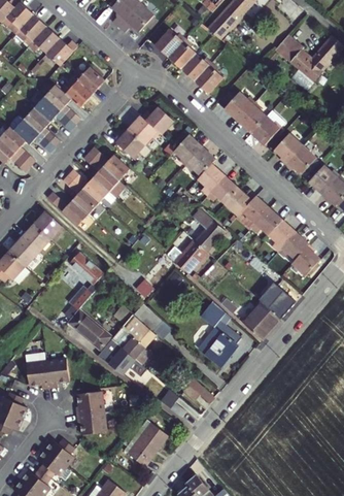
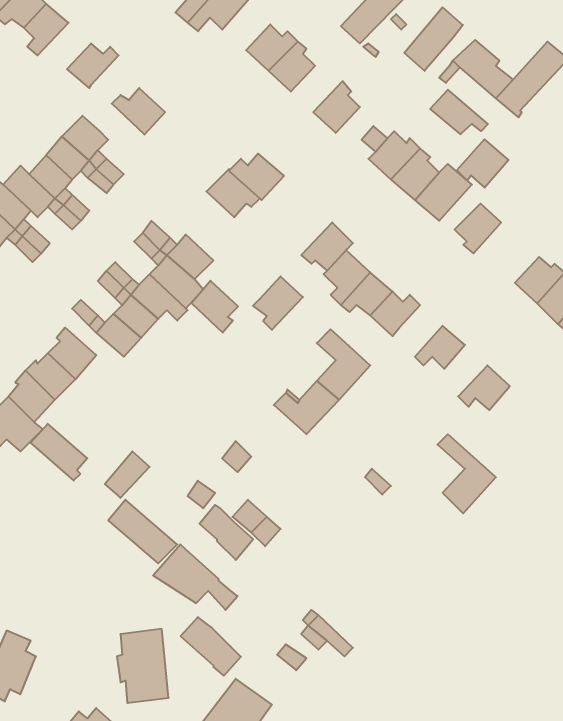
building: none -> [404,7,463,71]
building: [27,27,59,55] -> none
building: [178,53,209,80] -> none
building: none -> [430,90,488,134]
building: [64,75,91,106] -> none
building: [116,128,144,159] -> [192,281,238,332]
building: [173,134,203,166] -> [253,276,303,330]
building: [287,146,318,175] -> [457,139,509,188]
building: [238,196,269,228] -> none
building: [270,220,296,251] -> none
building: [293,244,320,275] -> none
building: [70,253,104,287] -> [30,424,87,481]
building: [197,301,239,368] -> none
building: [243,303,281,341] -> none
building: [115,331,151,366] -> [181,617,241,676]
building: [26,357,69,388] -> none

